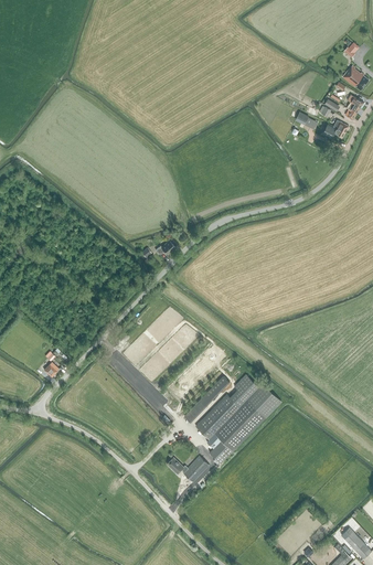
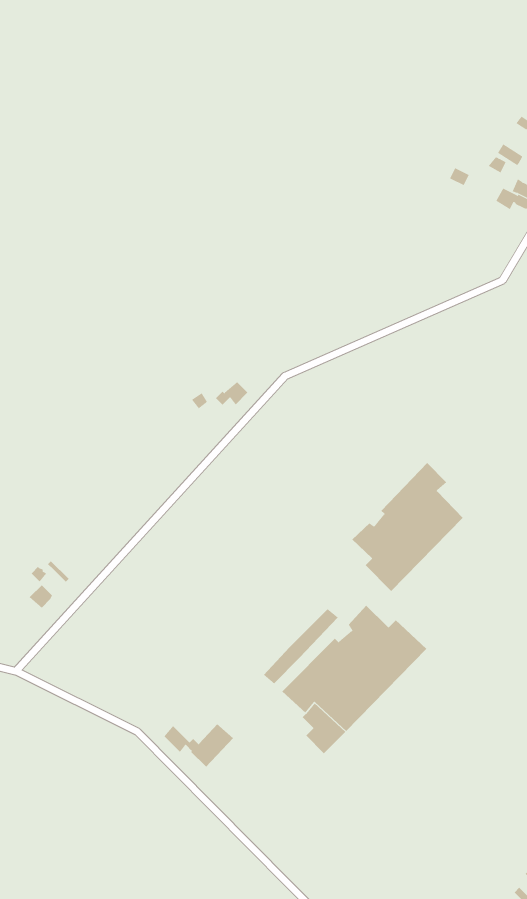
building: none -> [352,462,464,592]
building: [168,456,210,482] -> [164,723,234,768]

